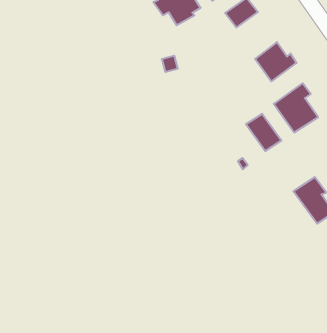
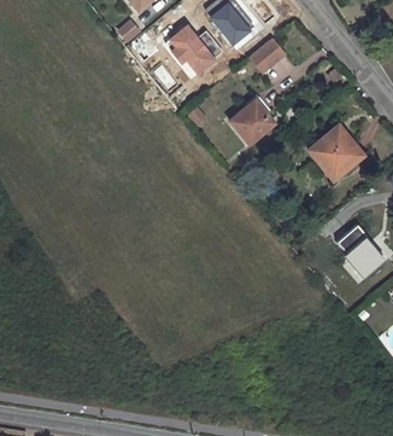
building: [255,42,297,81] -> [228,101,272,144]
building: [246,114,281,151] -> none

